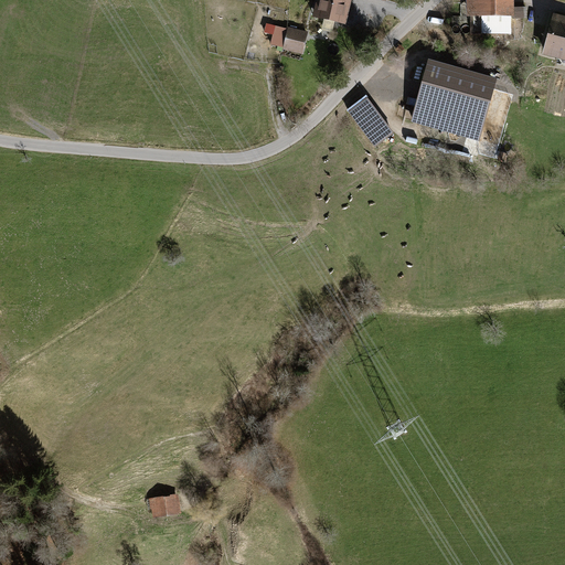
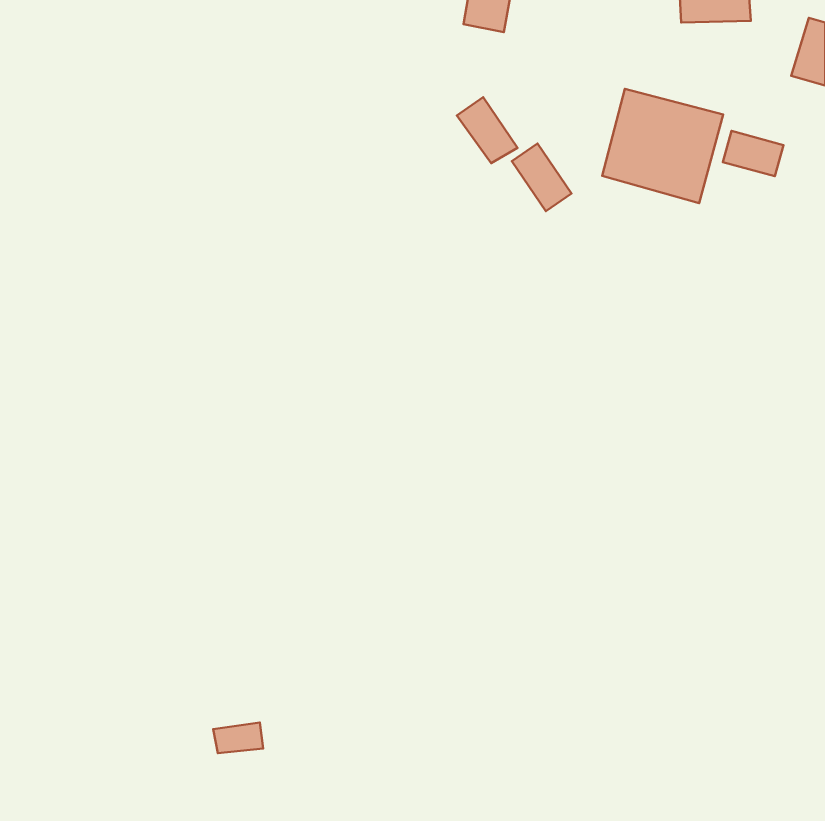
building: [271,26,303,51] -> none
building: none -> [457,97,517,163]
building: none -> [723,131,784,176]

